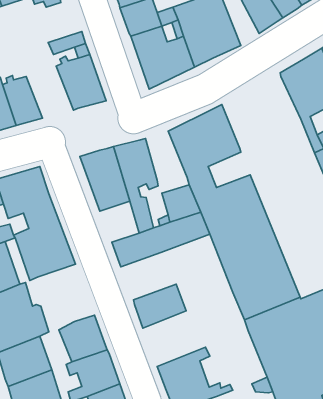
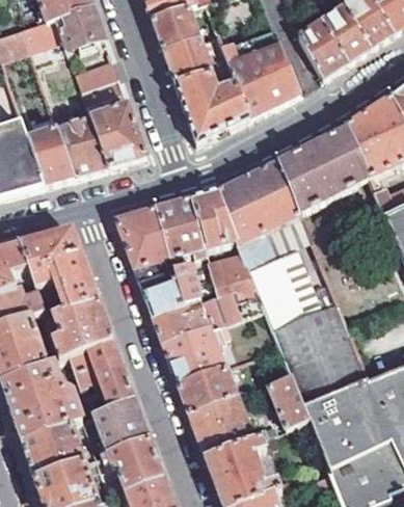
building: none -> [56,115,110,175]
building: none -> [279,127,370,209]
building: none -> [192,189,240,247]
building: none -> [264,213,312,253]
building: none -> [140,269,185,316]
building: none -> [164,327,224,381]
building: none -> [70,341,134,406]
building: none -> [268,373,309,426]
building: none -> [189,394,278,457]

